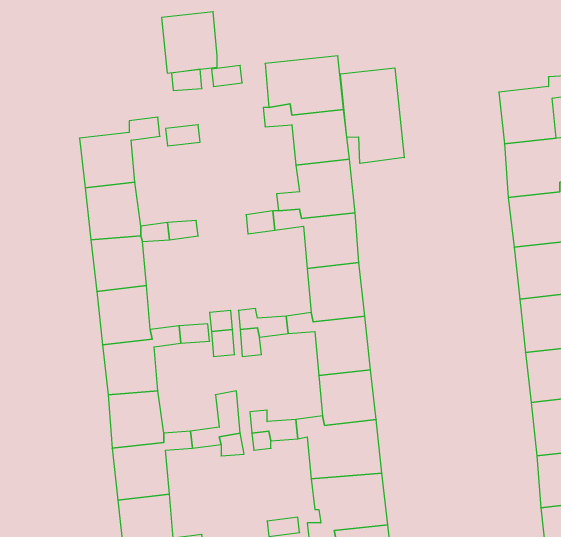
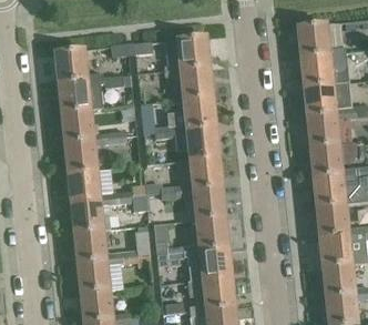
building: [162,12,217,73] -> [54,48,86,83]
building: none -> [297,22,329,57]
building: [340,68,404,163] -> none

